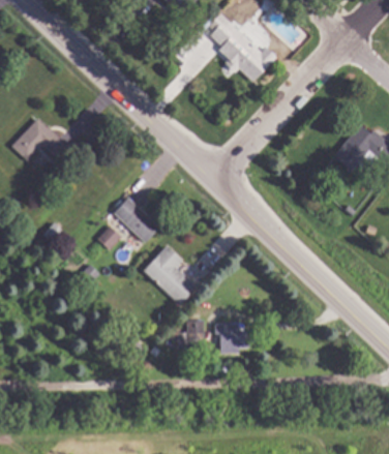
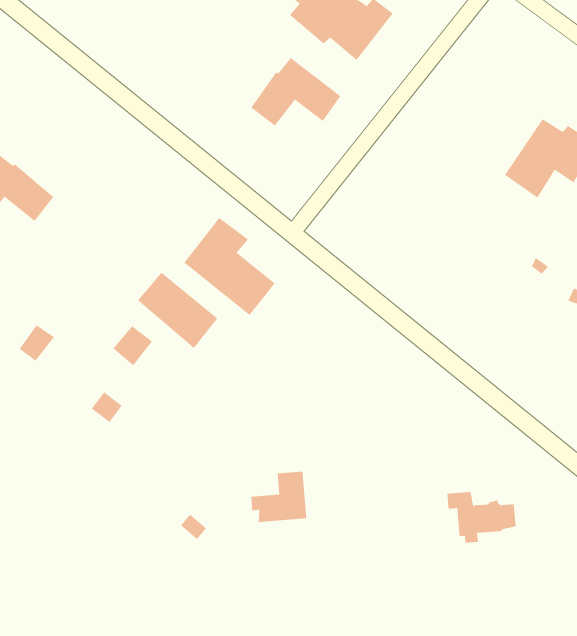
building: none -> [251,57,341,126]
building: [143,245,196,304] -> [183,217,275,316]
building: [214,323,253,353] -> [446,491,516,543]

